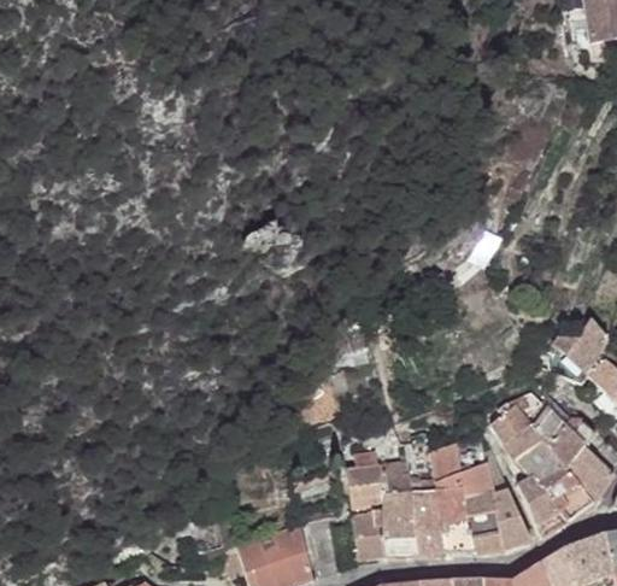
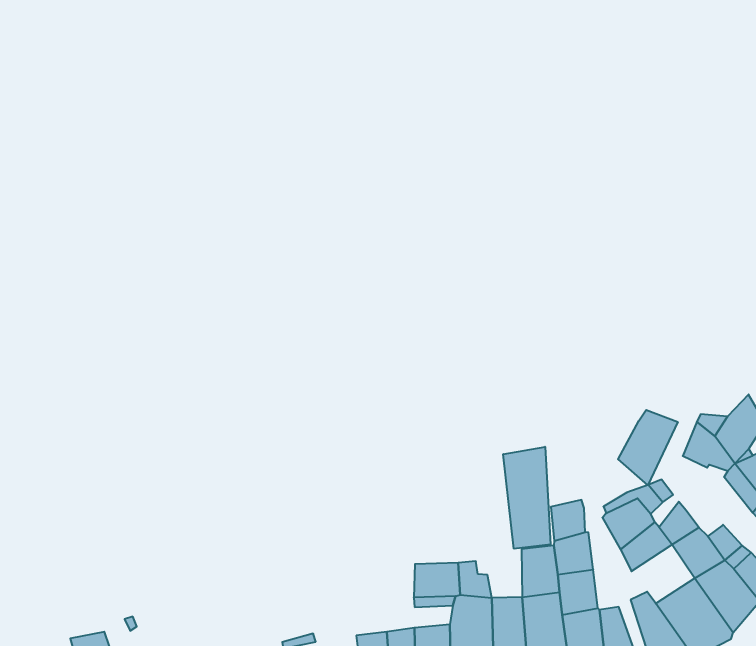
building: none -> [618,410,678,485]
building: none -> [503,447,551,549]
building: [516,438,564,484] -> none

